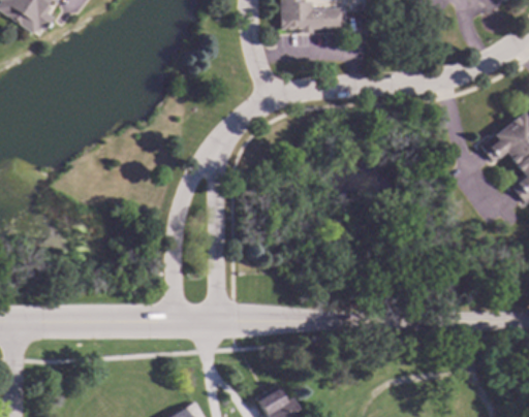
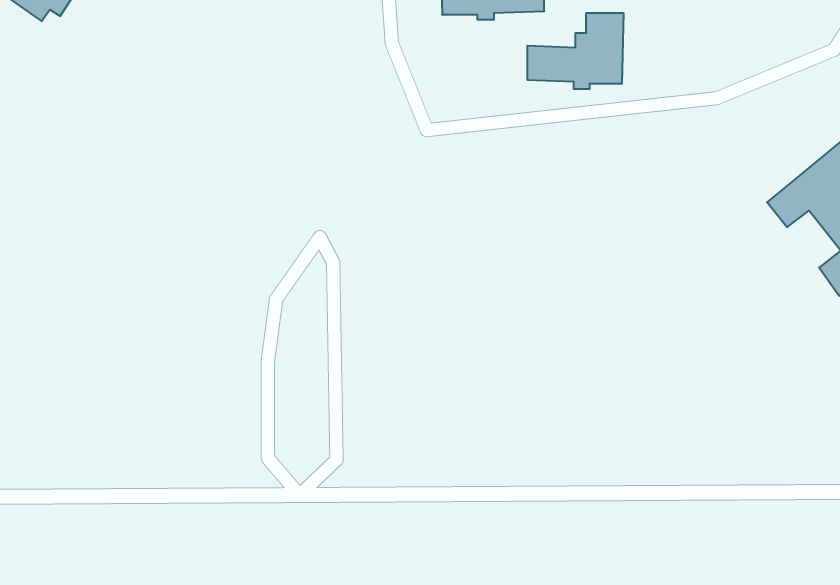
building: none -> [527,13,623,89]

